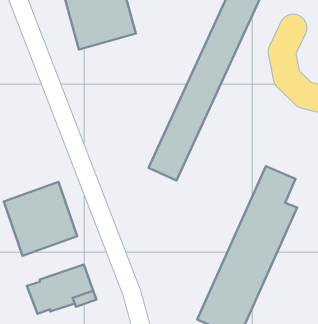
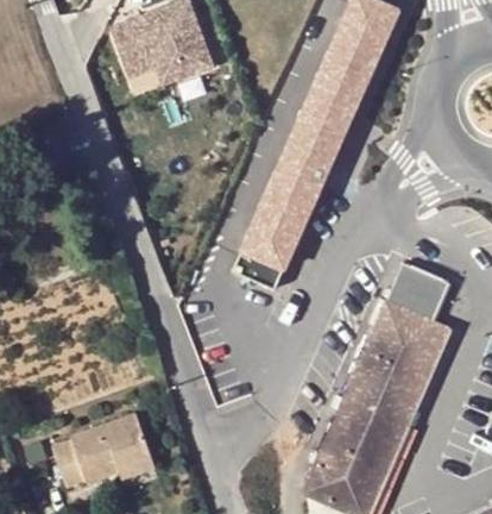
building: [4,182,77,256] -> none

